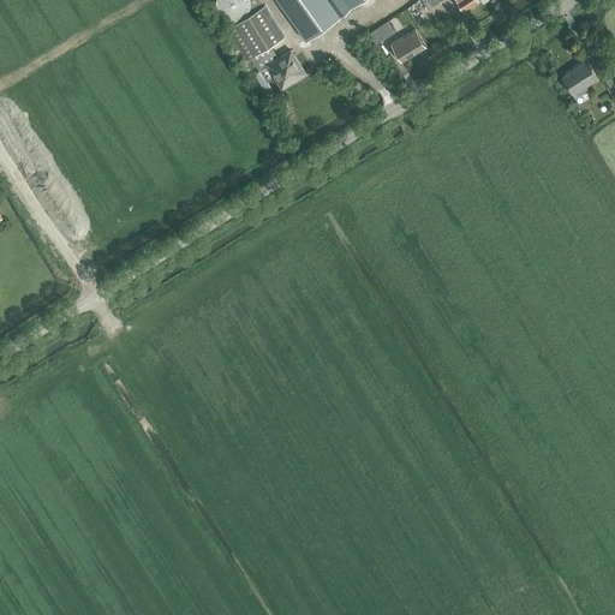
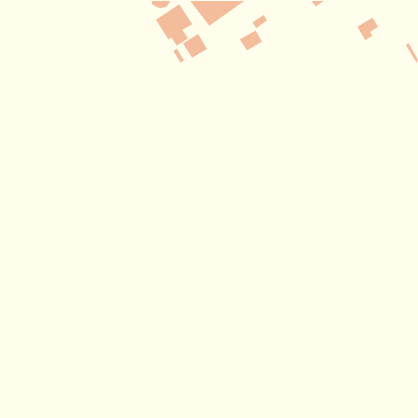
building: [389,29,425,61] -> [239,29,263,52]
building: [562,61,596,97] -> [356,17,379,41]

